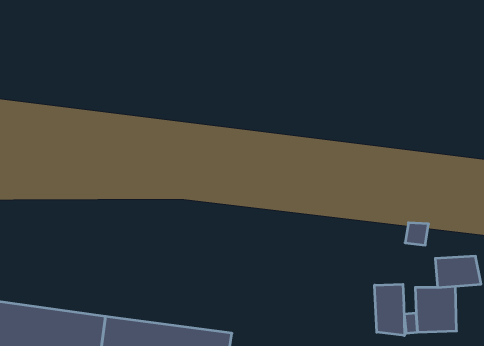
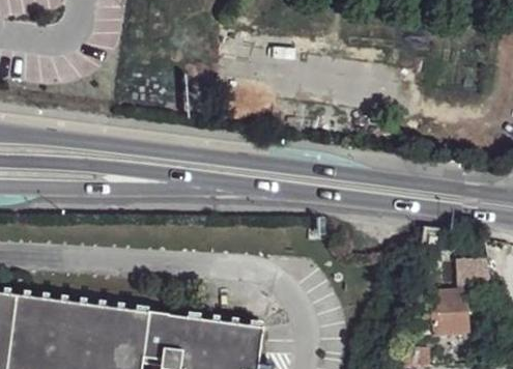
building: [375,284,404,336] -> none

